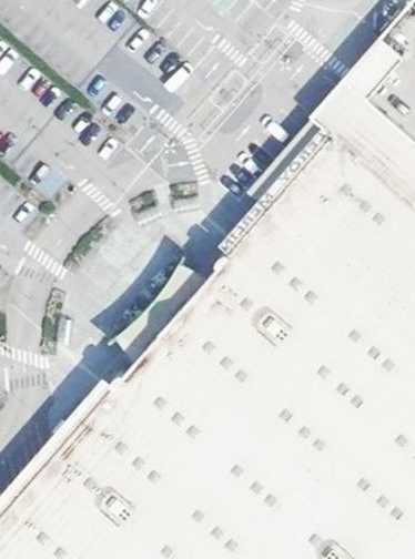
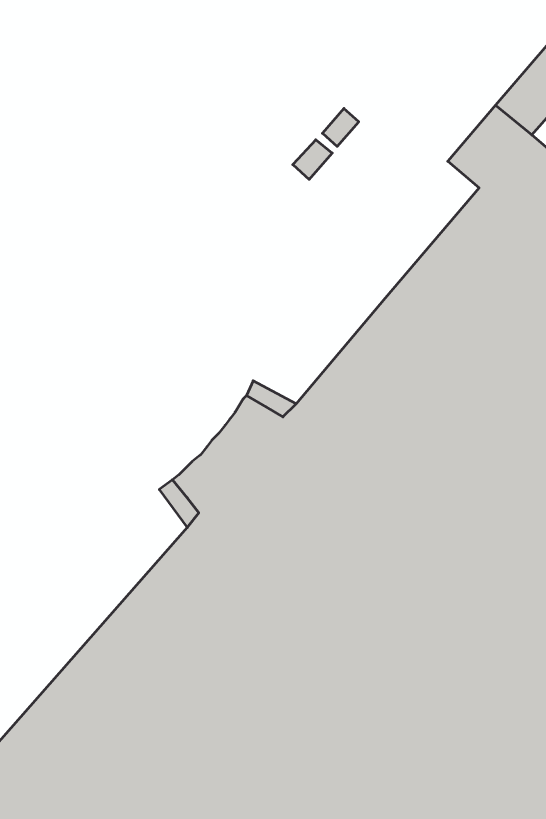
building: [251,114,334,206] -> none

